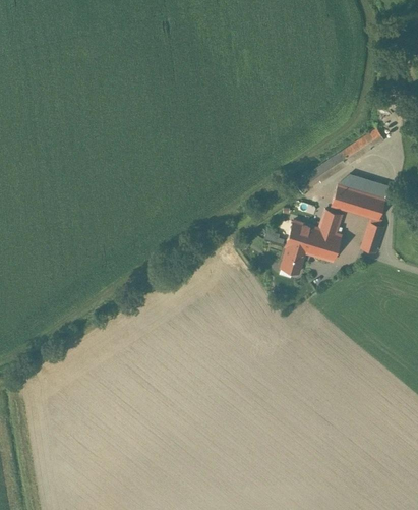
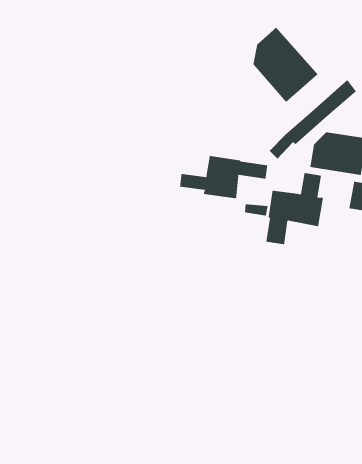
building: none -> [253,27,318,103]
building: none -> [180,155,268,199]

